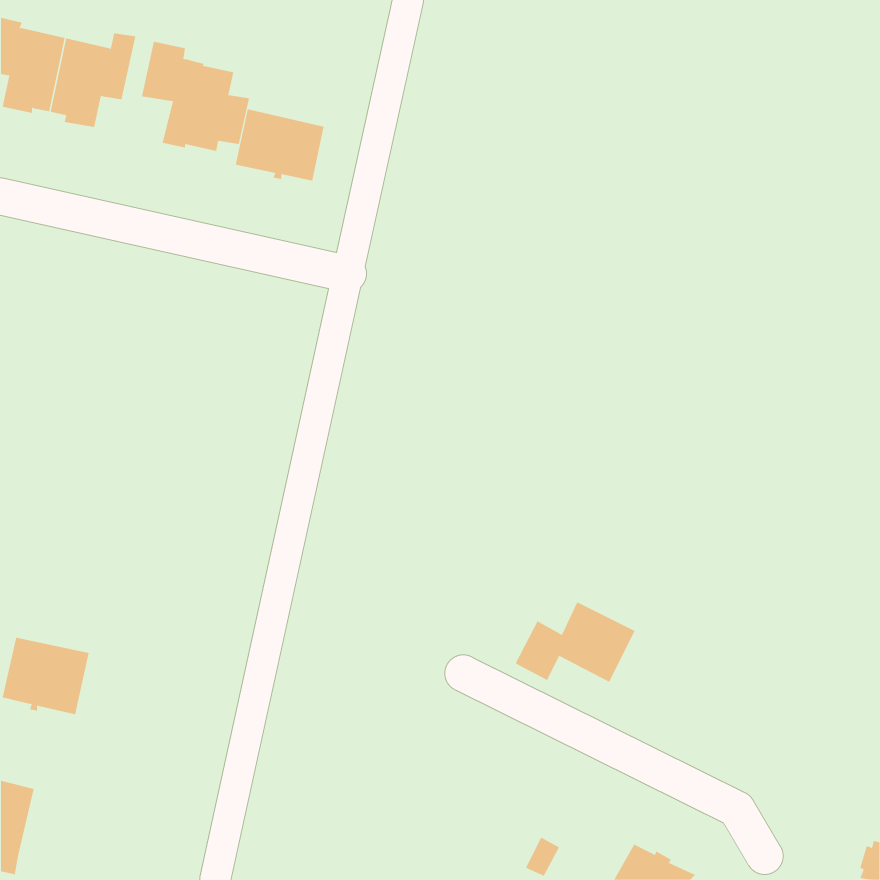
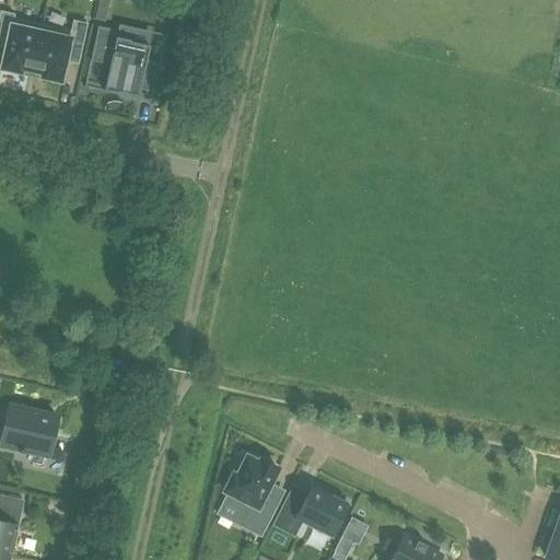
building: [235,109,324,181] -> none
building: [515,602,635,682] -> [271,486,348,537]
building: none -> [223,456,277,536]

